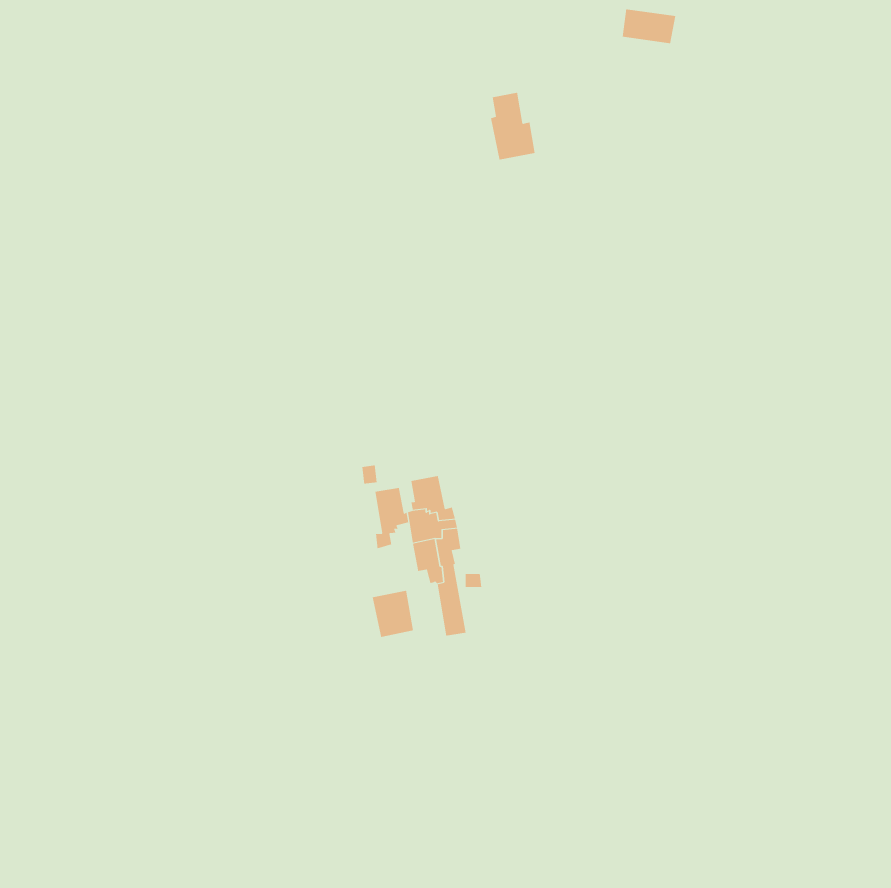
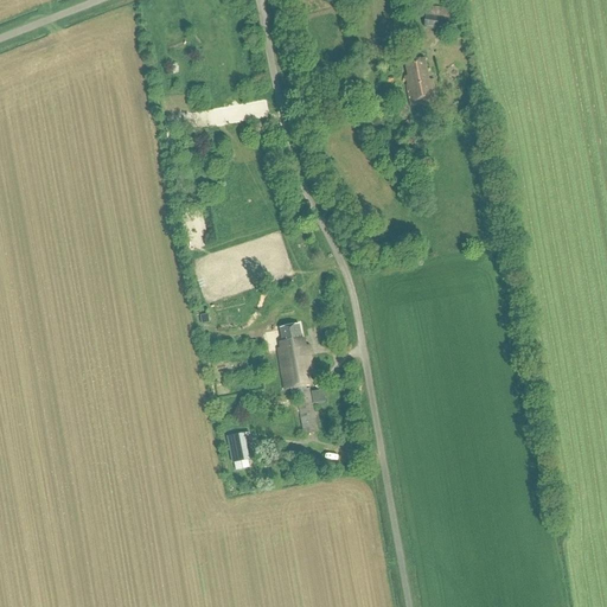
building: [490,92,535,160] -> [404,58,435,104]
building: [375,487,409,549] -> none
building: [372,590,414,638] -> [225,429,254,461]

